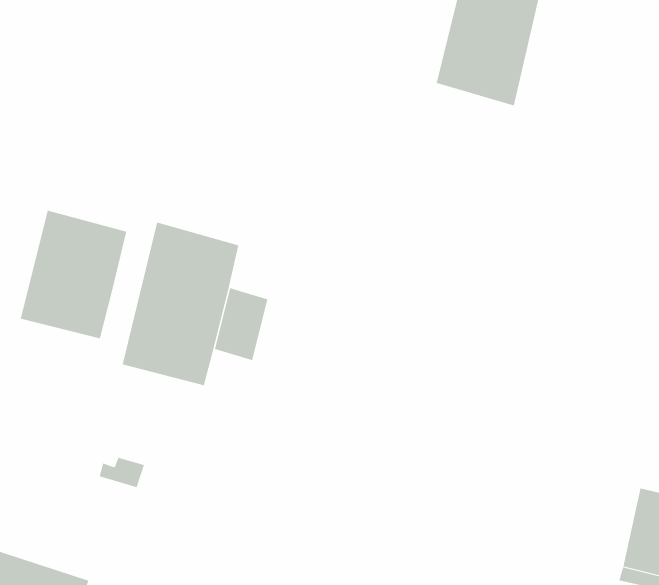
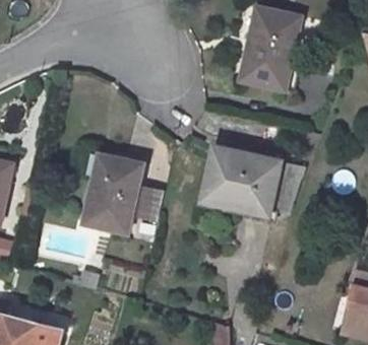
building: [20,210,127,339] -> none
building: none -> [208,144,286,213]

